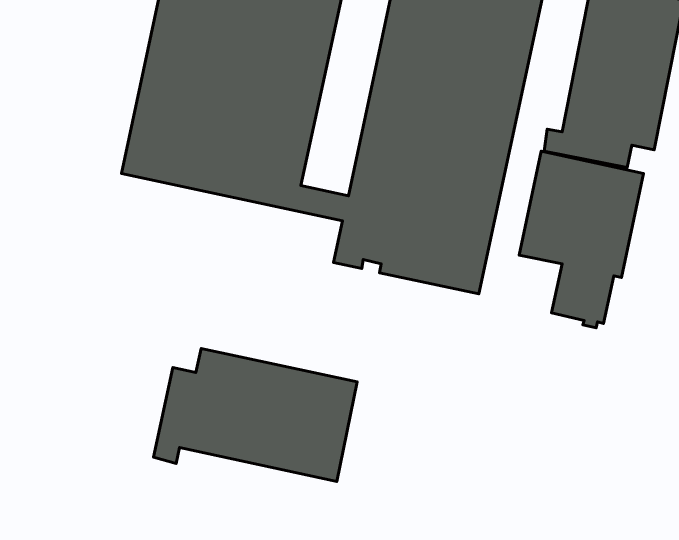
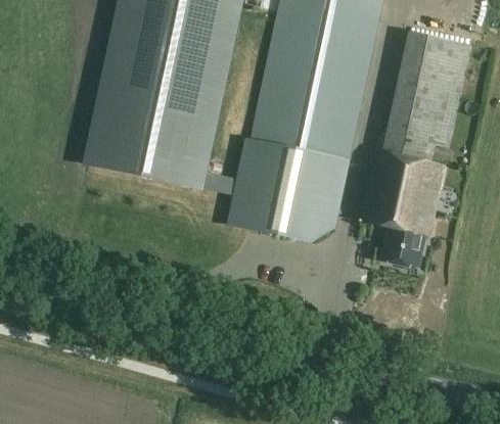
building: [153,348,357,481] -> none

